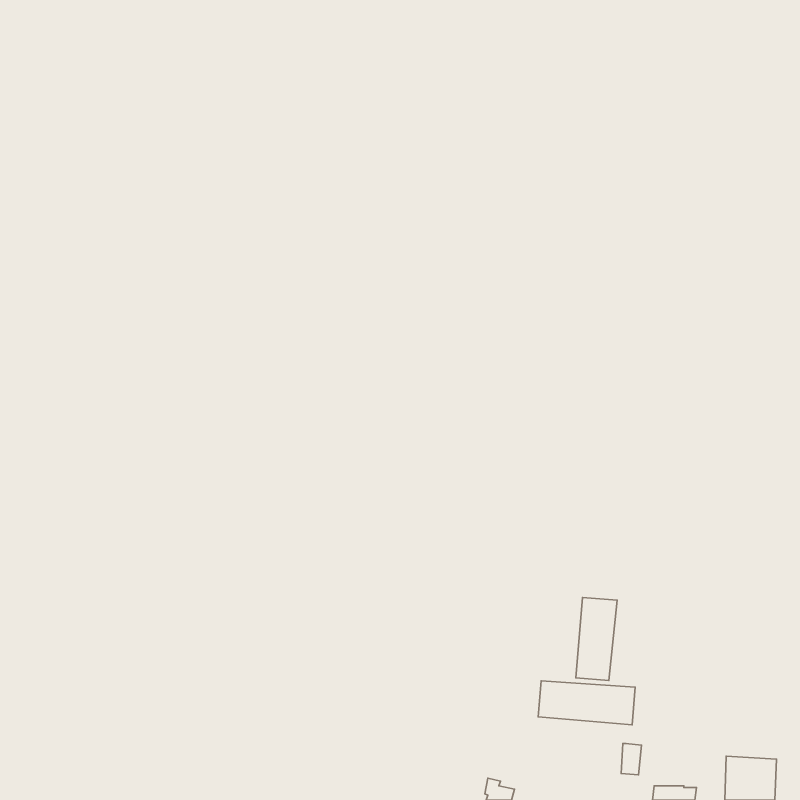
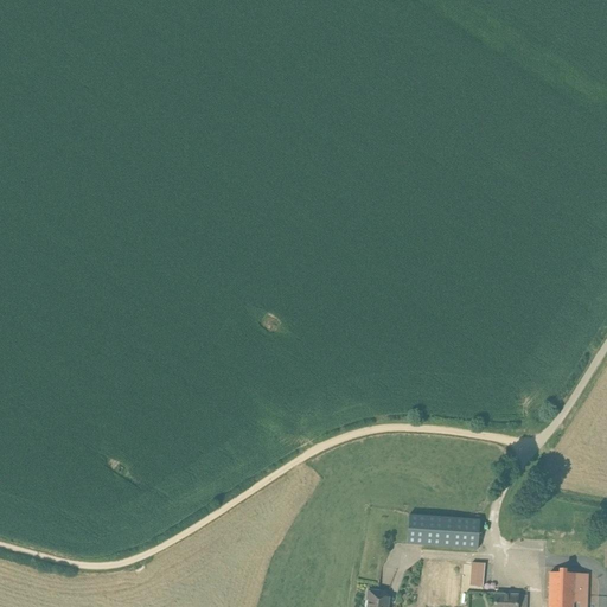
building: [576,597,617,680] -> none

